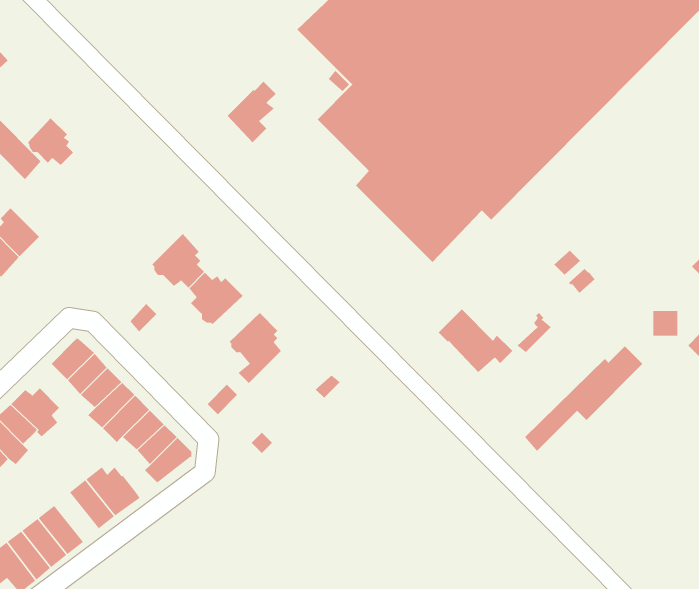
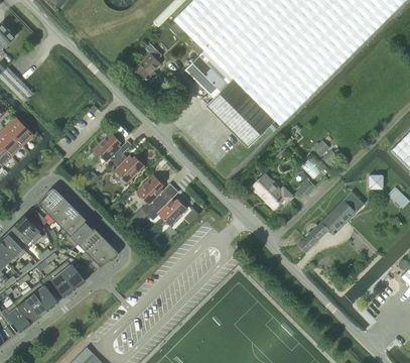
building: [27,117,74,166] -> none
building: none -> [147,197,186,226]

